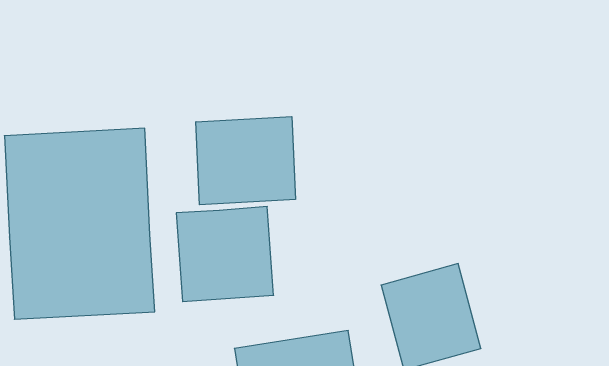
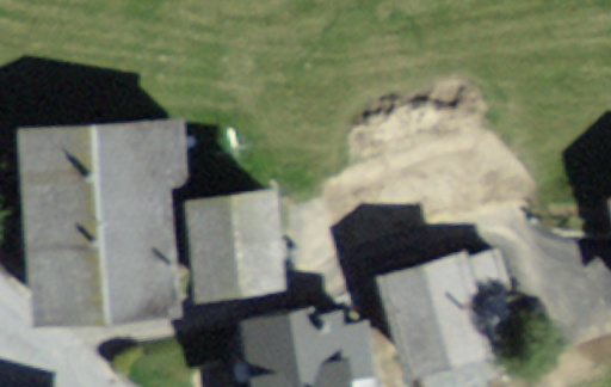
building: [196,117,295,205] -> none

